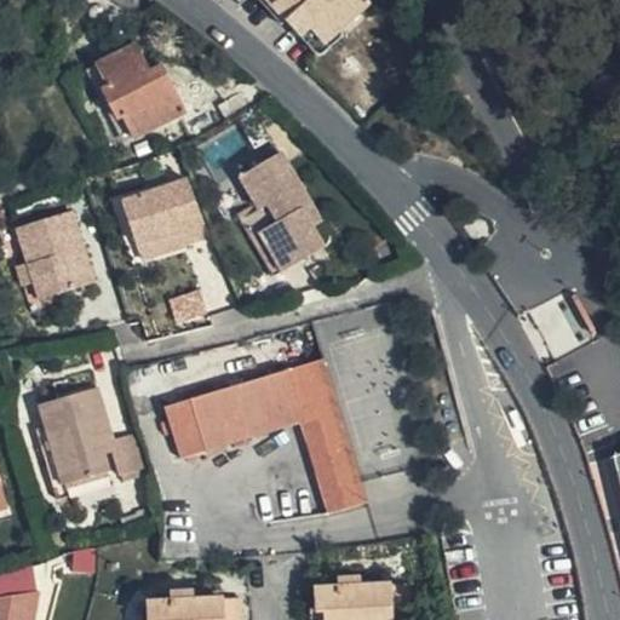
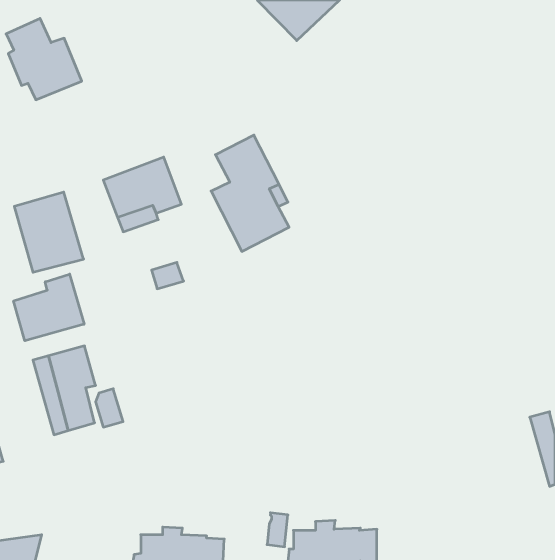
building: [93,38,177,127] -> [6,18,82,100]
building: none -> [14,274,84,341]
building: [171,360,375,515] -> none

